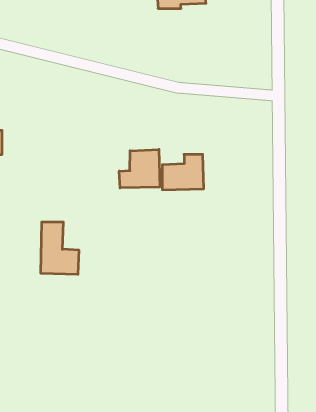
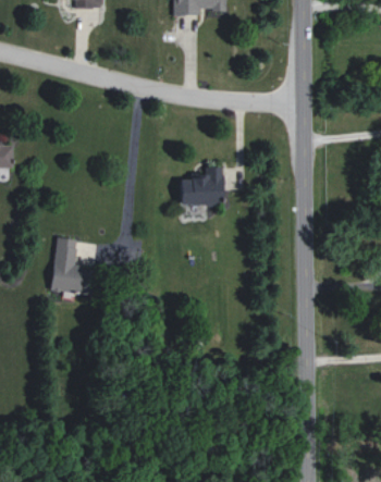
building: [119,149,160,188] -> none

